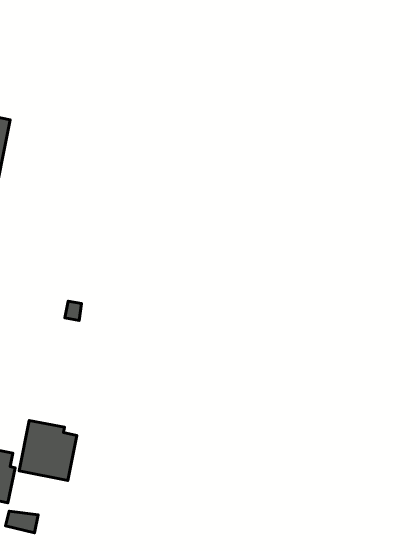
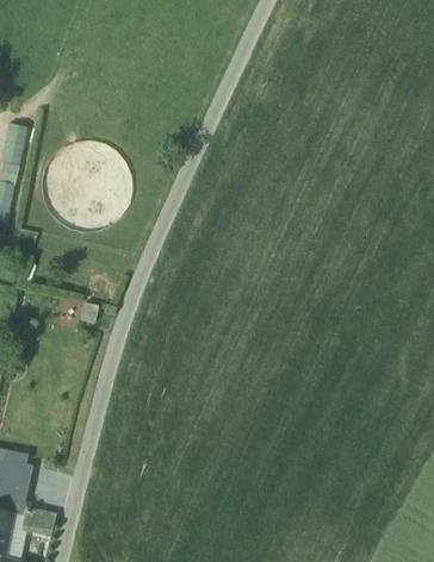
building: [19,420,77,481] -> none

